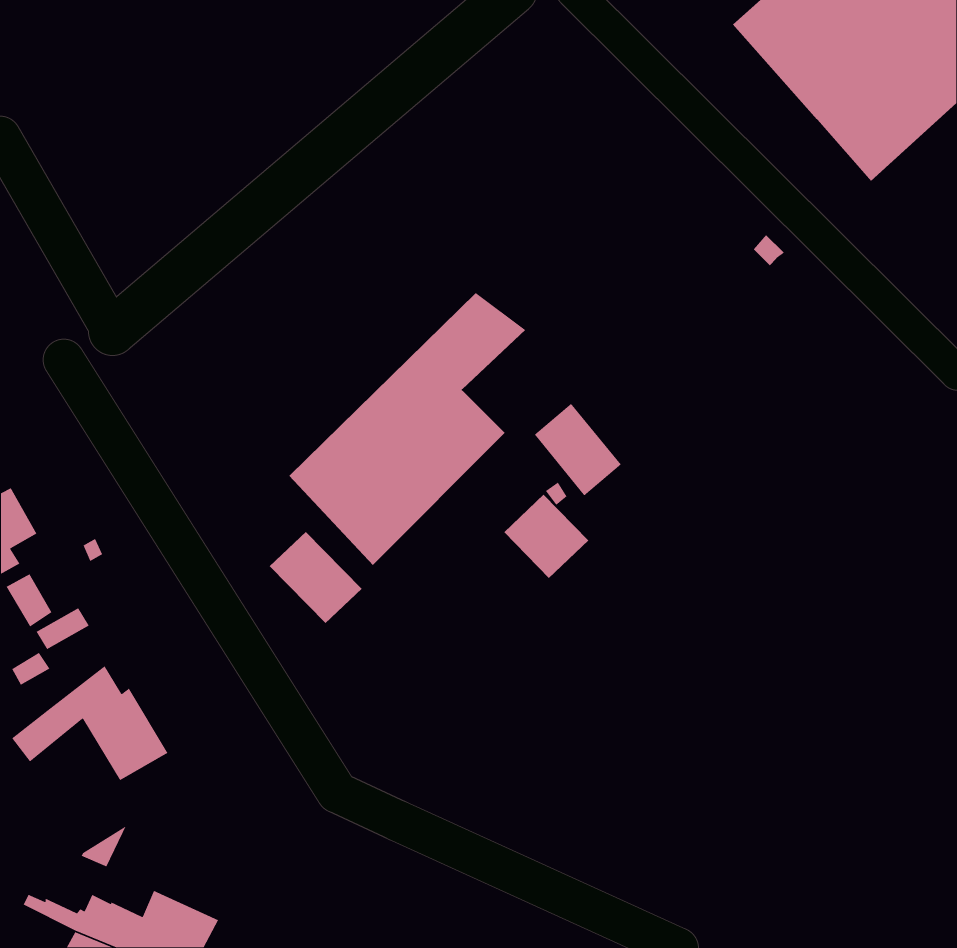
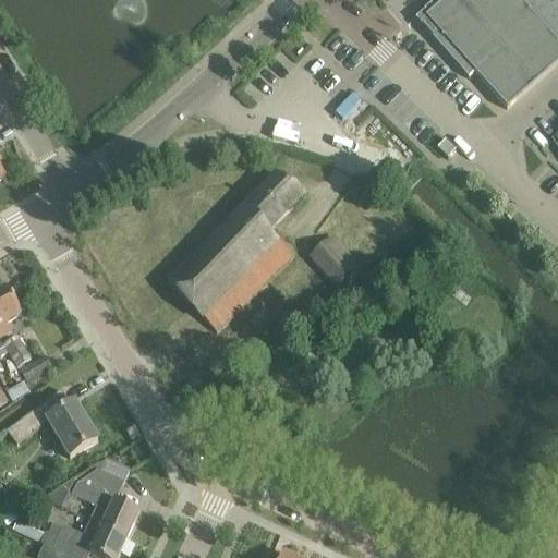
building: [503,494,589,579] -> none
building: [269,531,362,624] -> none
building: none -> [73,468,140,535]

